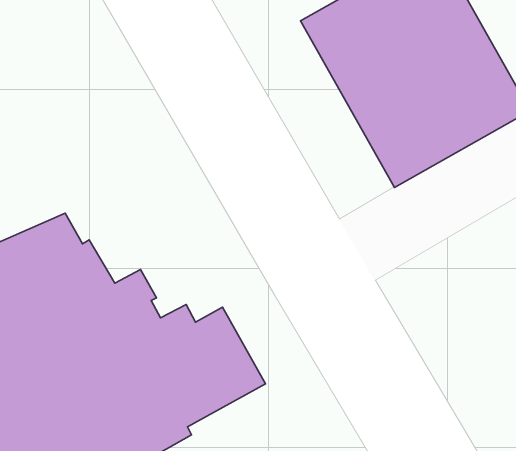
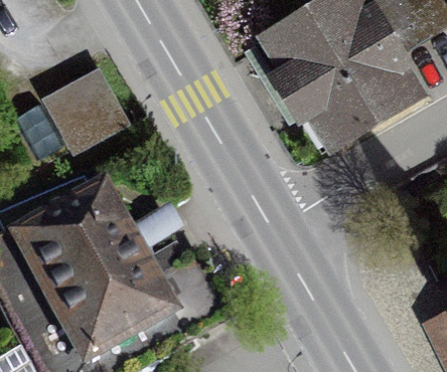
building: none -> [41,70,119,147]

